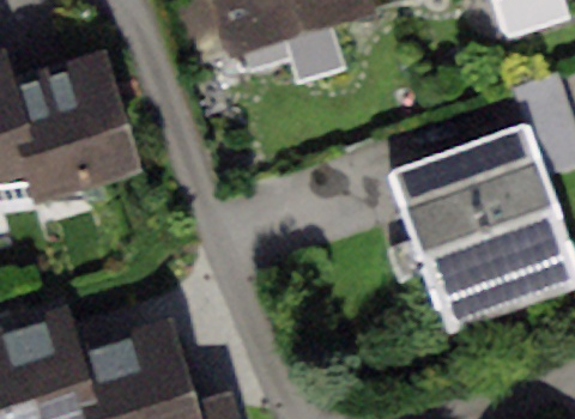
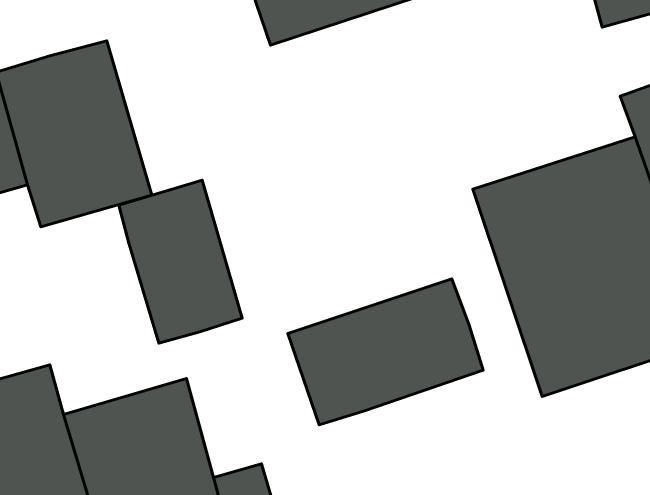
building: none -> [119,180,242,343]
building: none -> [288,279,483,425]

